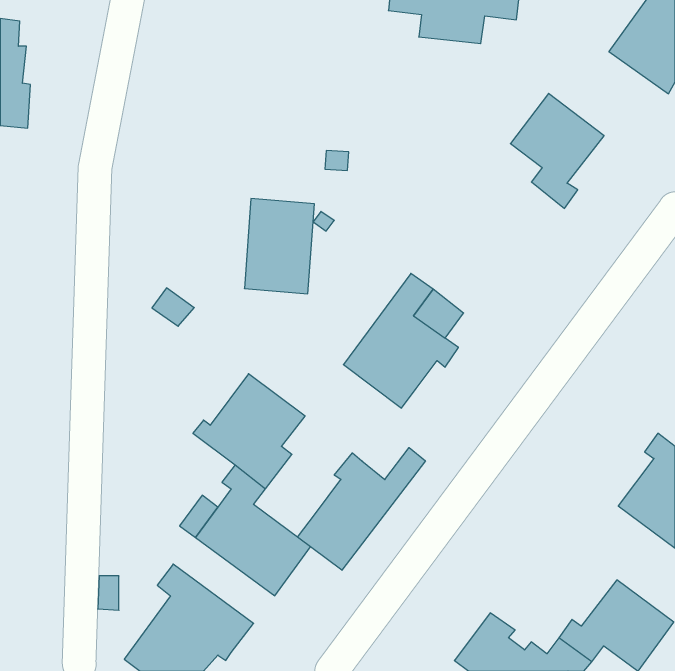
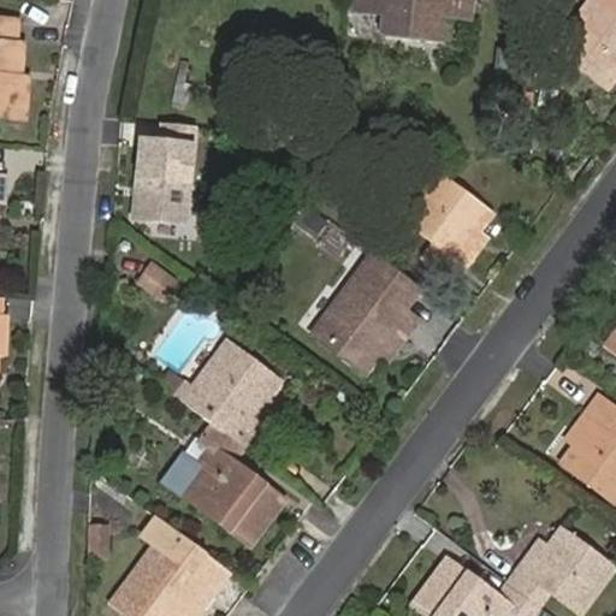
building: [510,93,604,208] -> [405,174,491,279]
building: [244,199,314,294] -> [131,137,195,224]
building: [297,448,425,570] -> none

